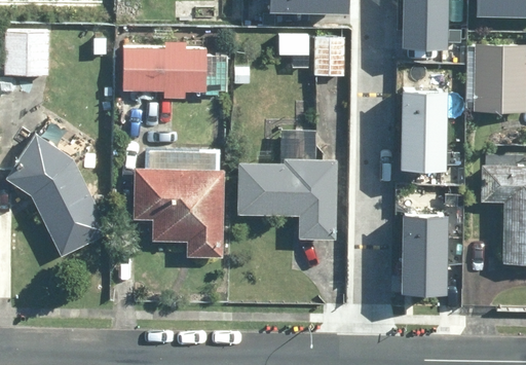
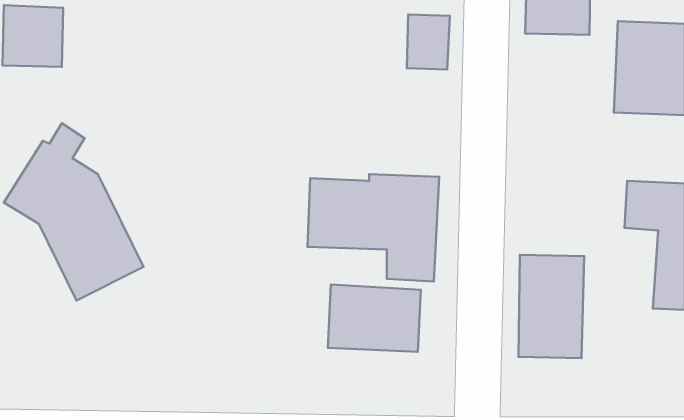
building: [121,43,219,99] -> none
building: [401,98,450,176] -> none
building: [122,148,226,257] -> none
building: none -> [328,285,421,352]

